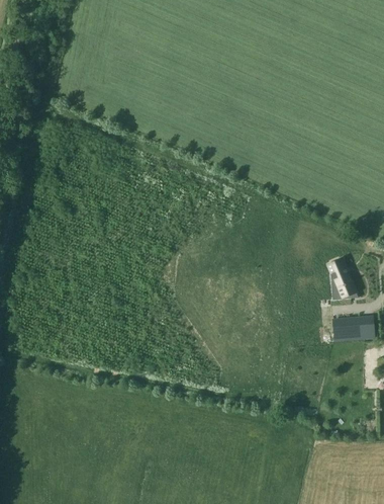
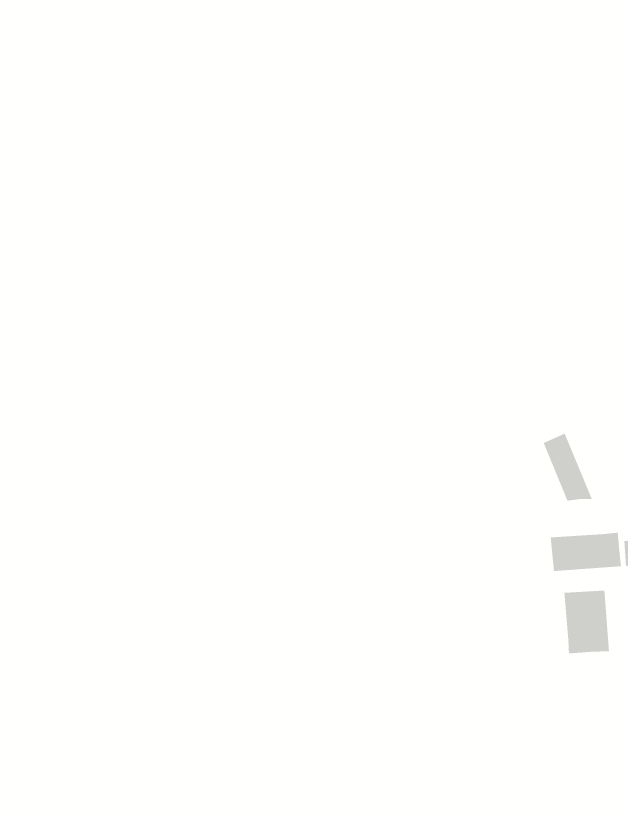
building: none -> [564,590,610,654]

